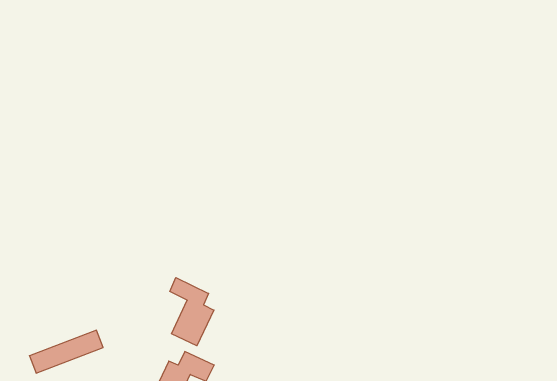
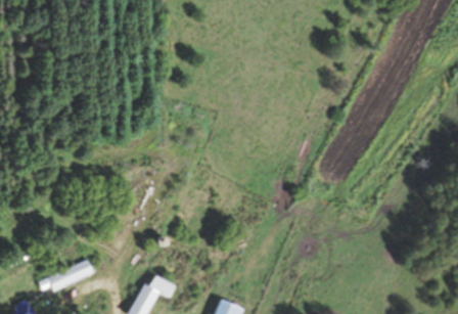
building: [170,278,214,346] -> none

